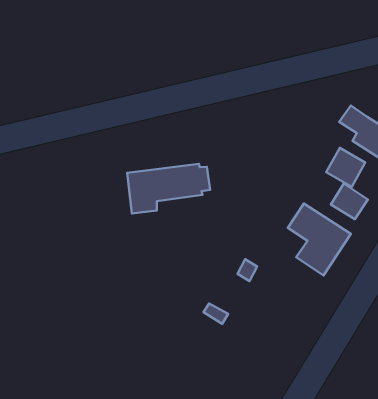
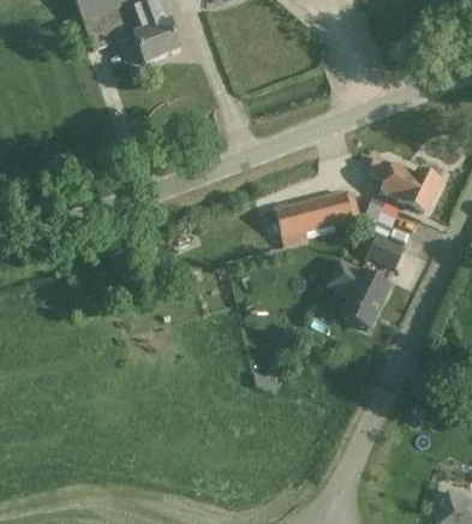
building: [127,164,210,214] -> [274,189,360,248]

